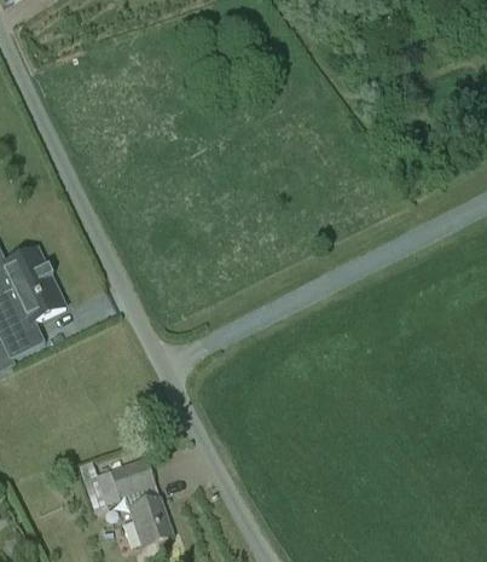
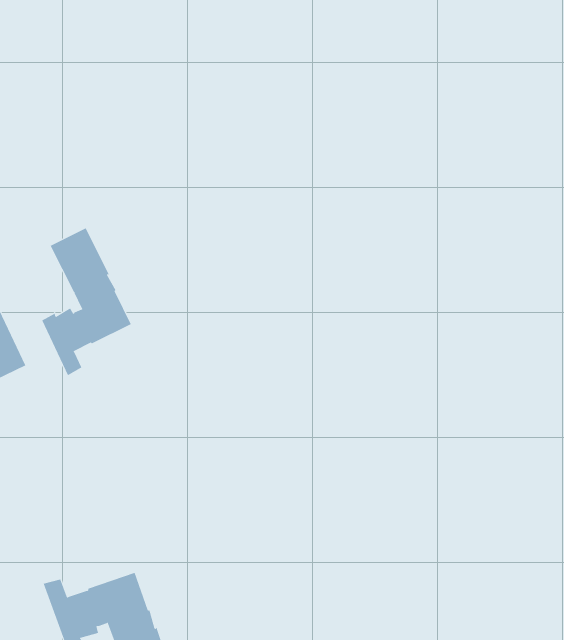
building: none -> [41,228,132,376]

